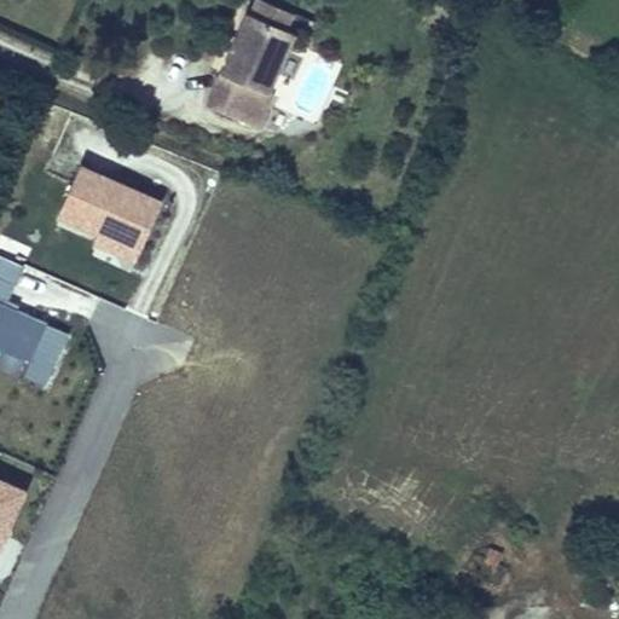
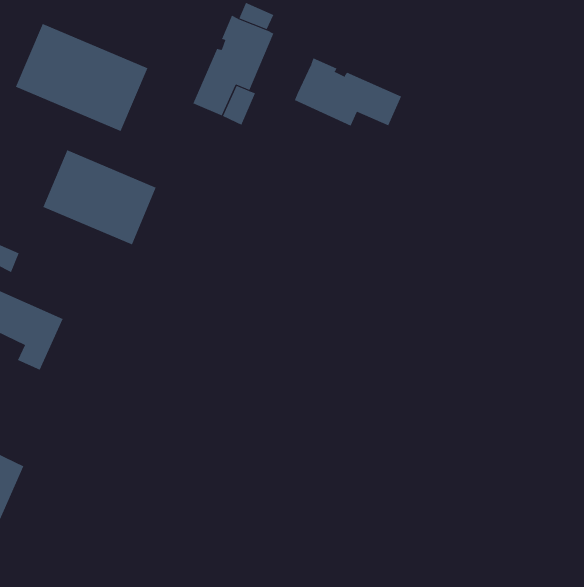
building: none -> [15,23,148,132]
building: none -> [294,58,402,126]

